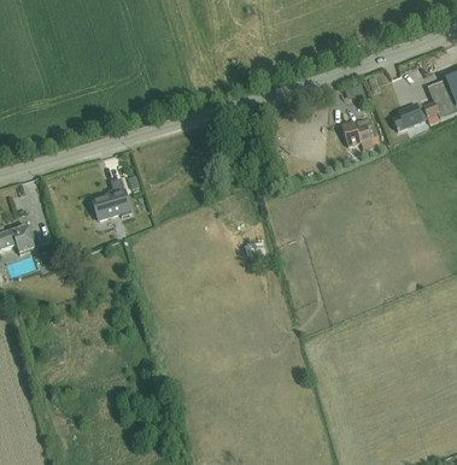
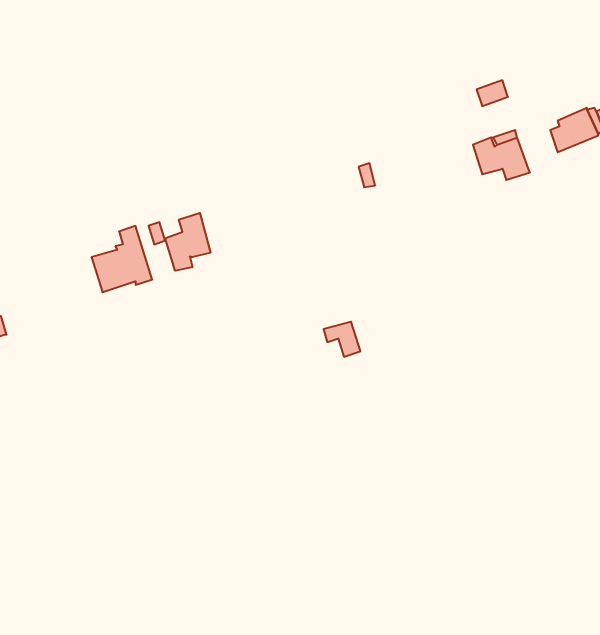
building: none -> [165,213,211,271]

